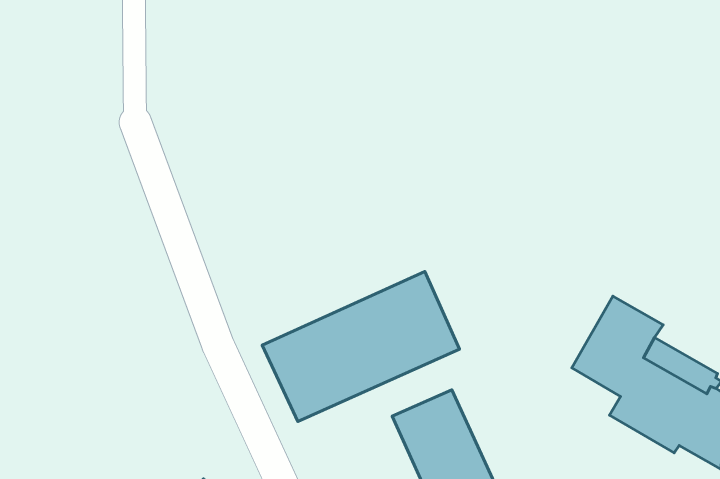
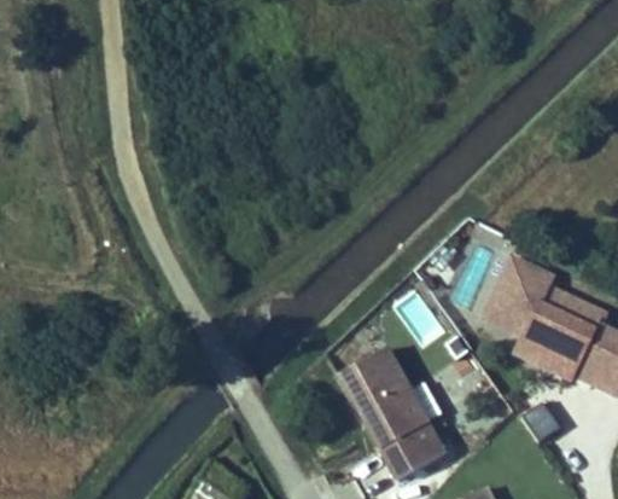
building: [262,271,459,421] -> none

